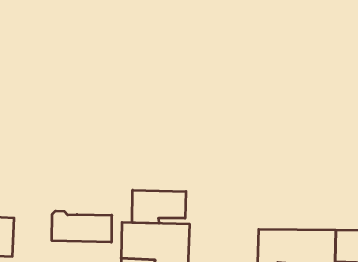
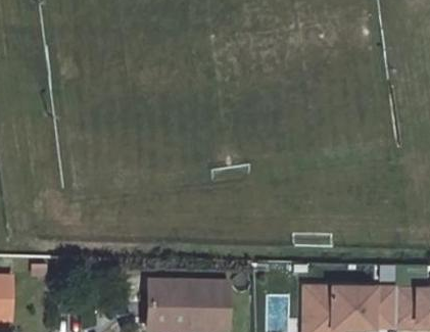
building: [132,190,186,223] -> none
building: [52,211,112,242] -> none

